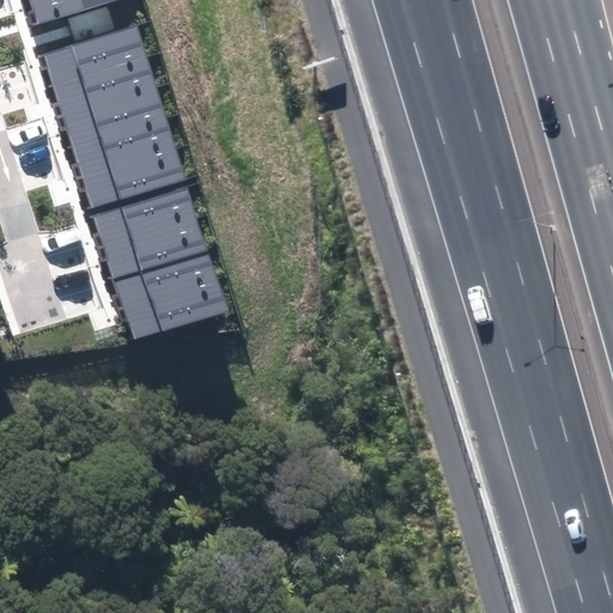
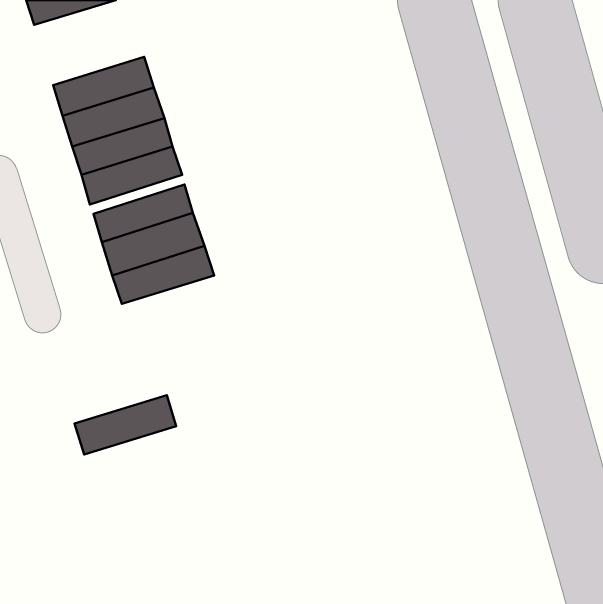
building: [43,25,146,86] -> none
building: [123,279,226,339] -> [75,395,176,454]

